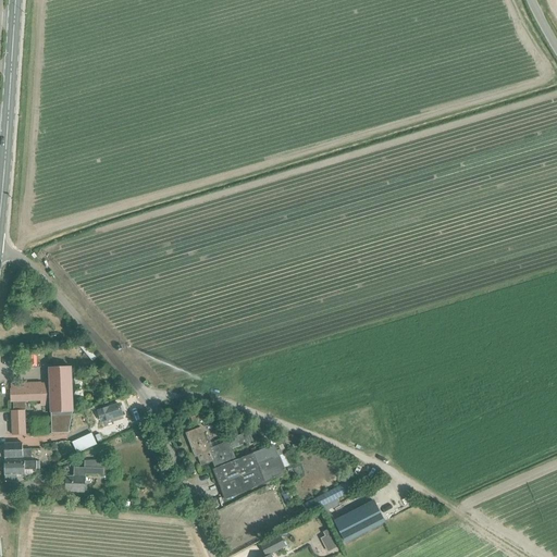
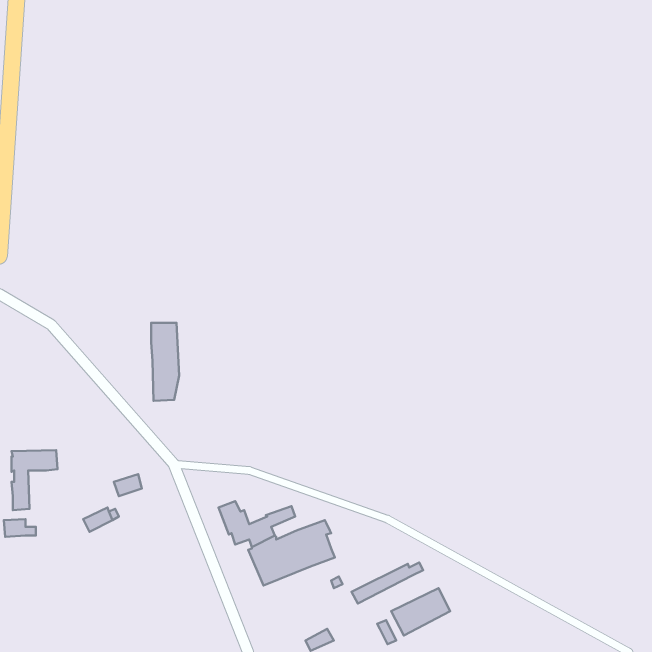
building: [48,367,72,433] -> [151,323,179,401]
building: [64,459,102,491] -> none
building: [4,460,39,481] -> none

